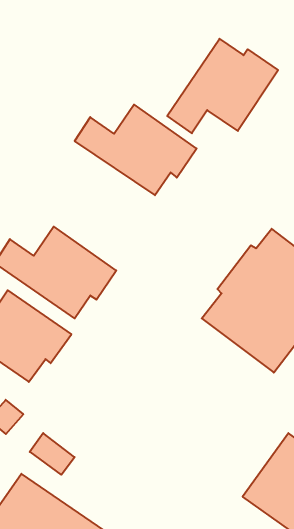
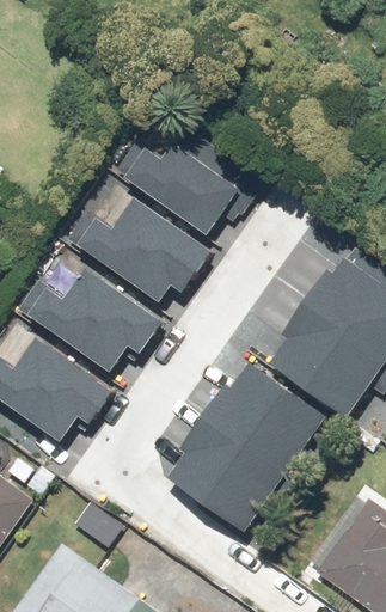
building: [167,39,278,133] -> none
building: none -> [69,192,209,296]
building: none -> [173,371,330,543]

